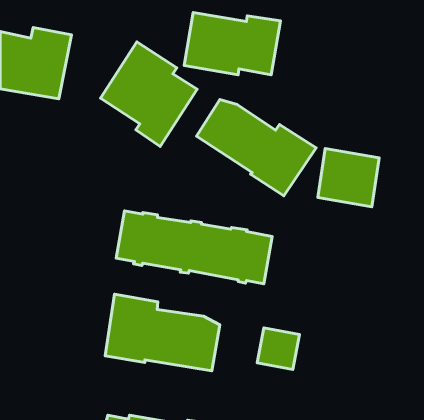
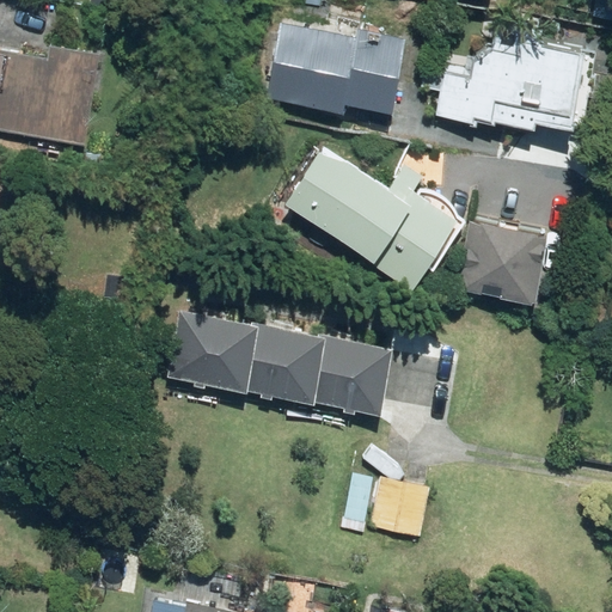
building: none -> [429,23,595,128]
building: [100,42,197,146] -> none
building: [105,294,220,371] -> none

